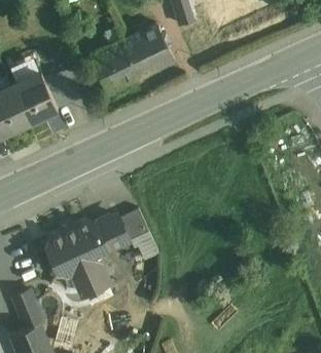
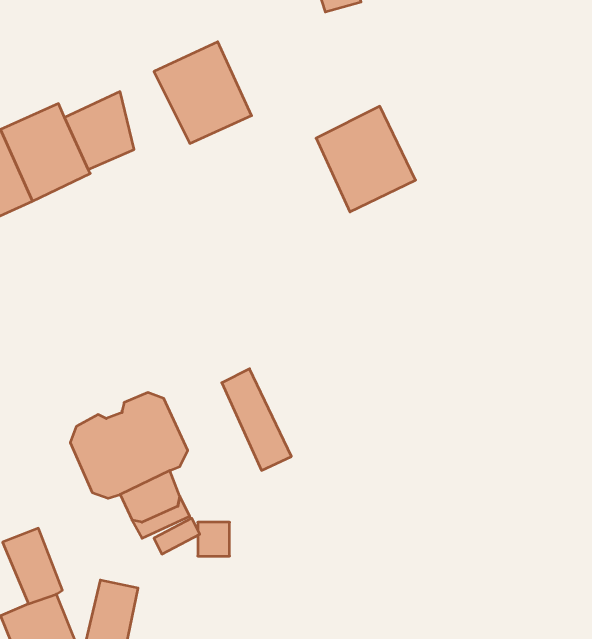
building: [122,24,174,78] -> [316,106,416,212]
building: [95,215,129,250] -> none

